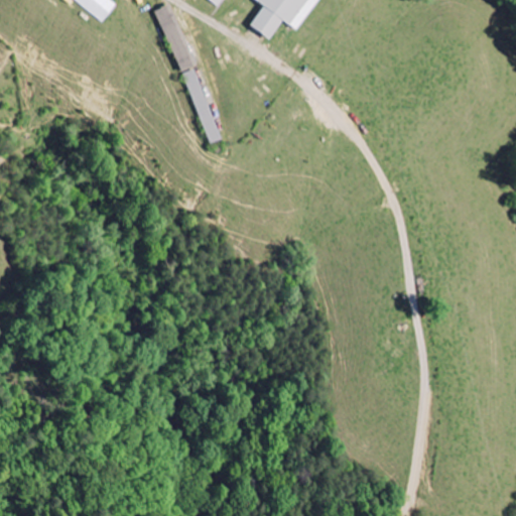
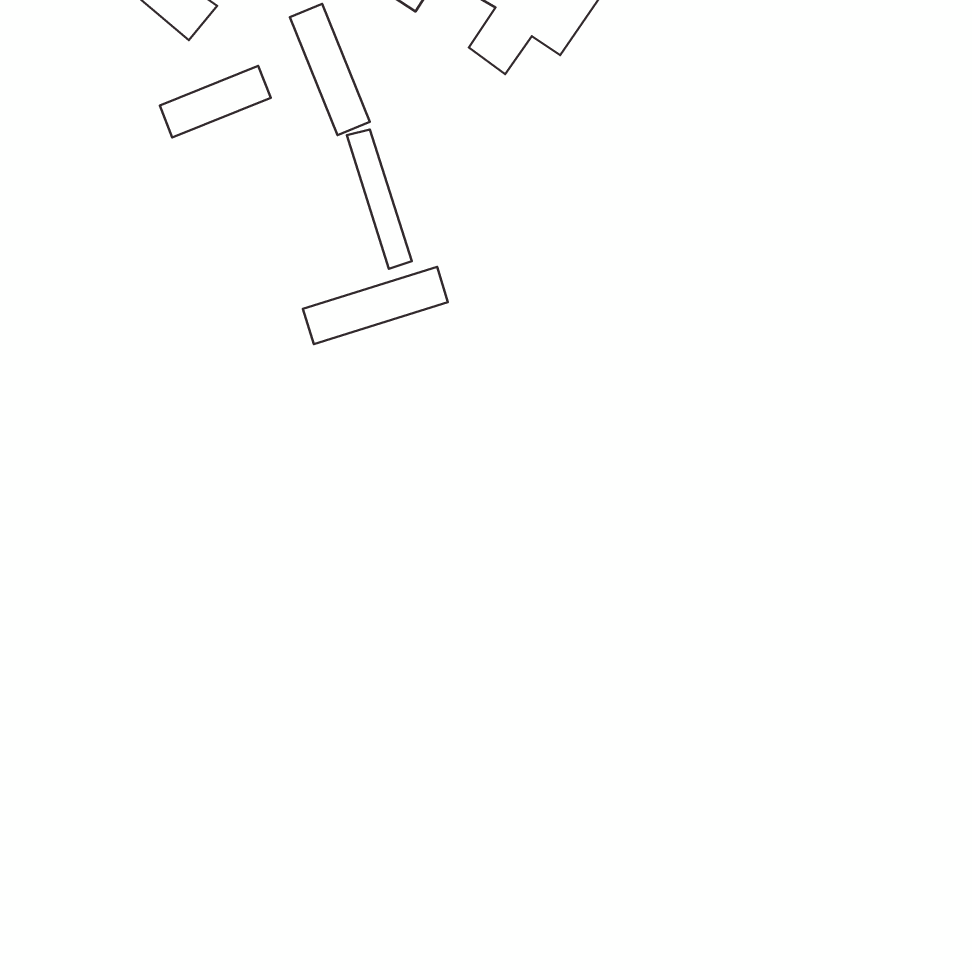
building: none -> [160,66,271,138]
building: none -> [303,267,448,344]

